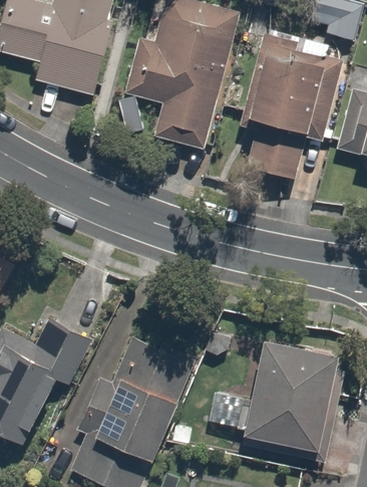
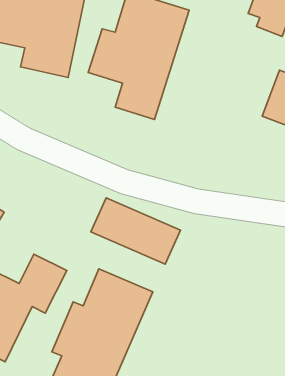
building: [246,31,348,179] -> none
building: none -> [91,198,180,264]
building: [239,335,347,456] -> none

